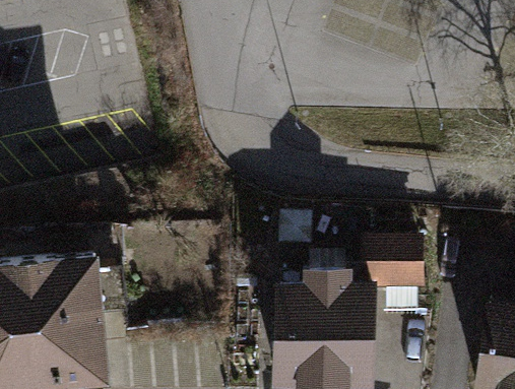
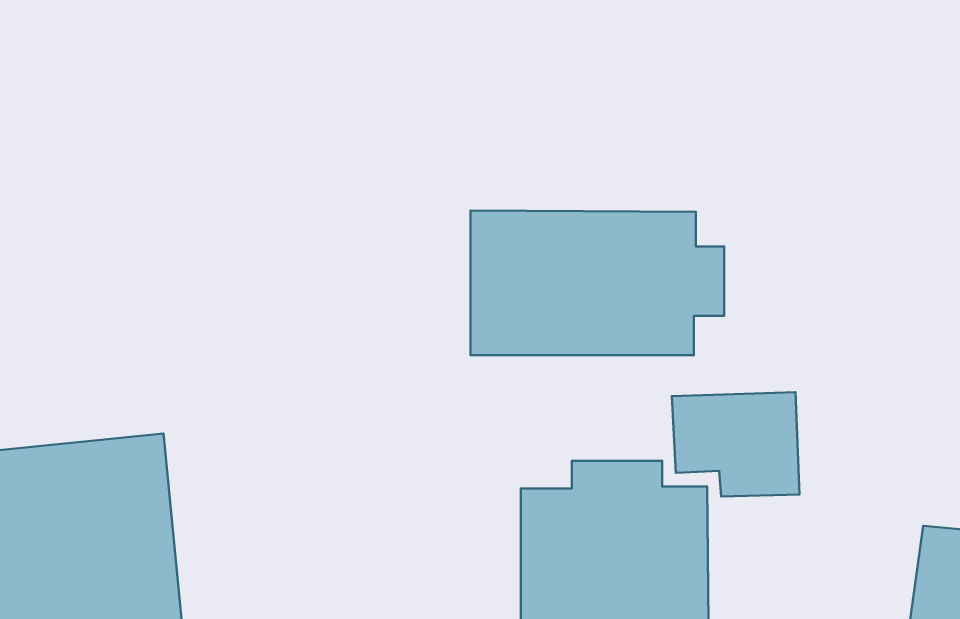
building: none -> [470,210,724,355]

